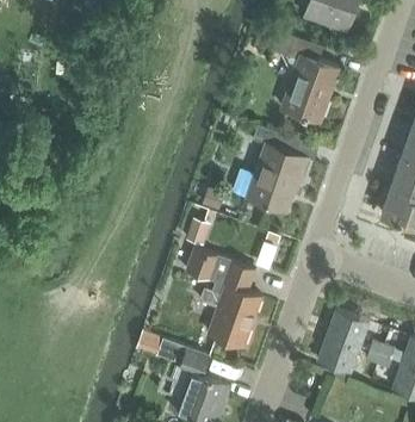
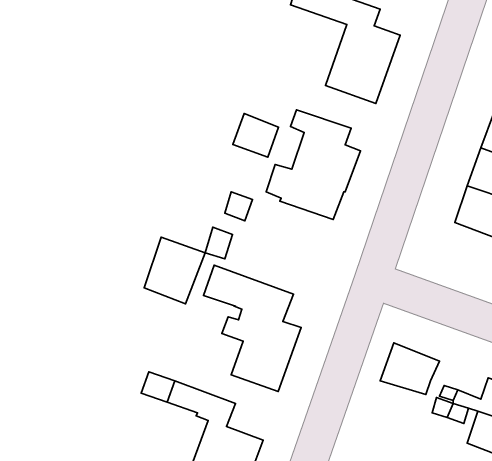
building: none -> [233,114,279,157]
building: none -> [144,237,205,304]
building: [315,339,360,377] -> none

